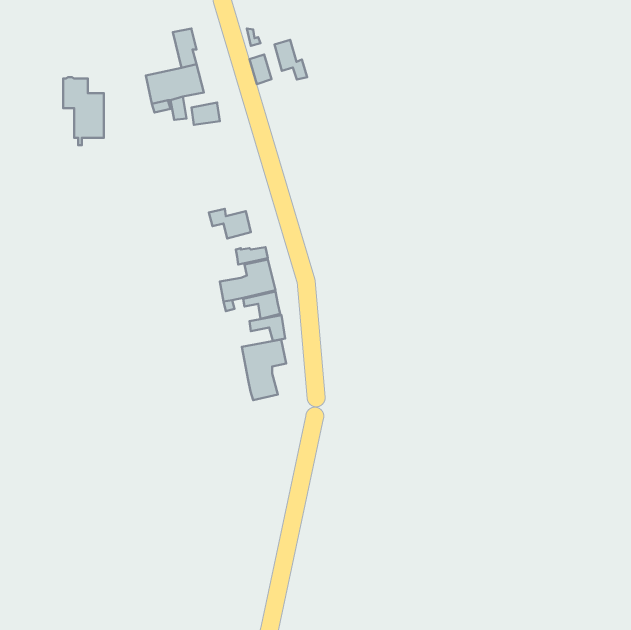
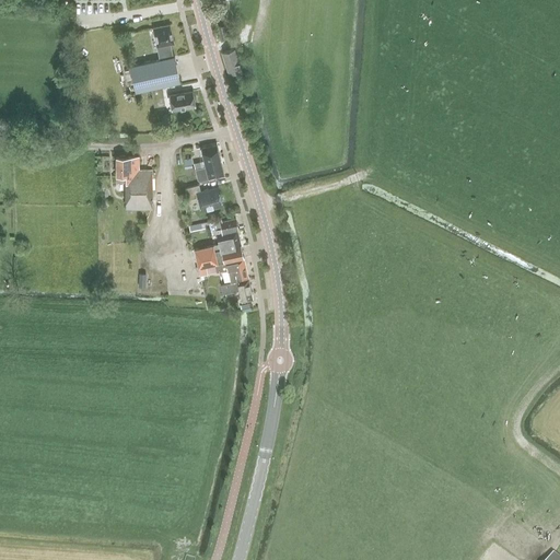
building: [274,40,307,80] -> none
building: [63,77,104,145] -> [116,156,152,217]
building: none -> [194,147,224,183]
building: [242,339,286,400] -> none

